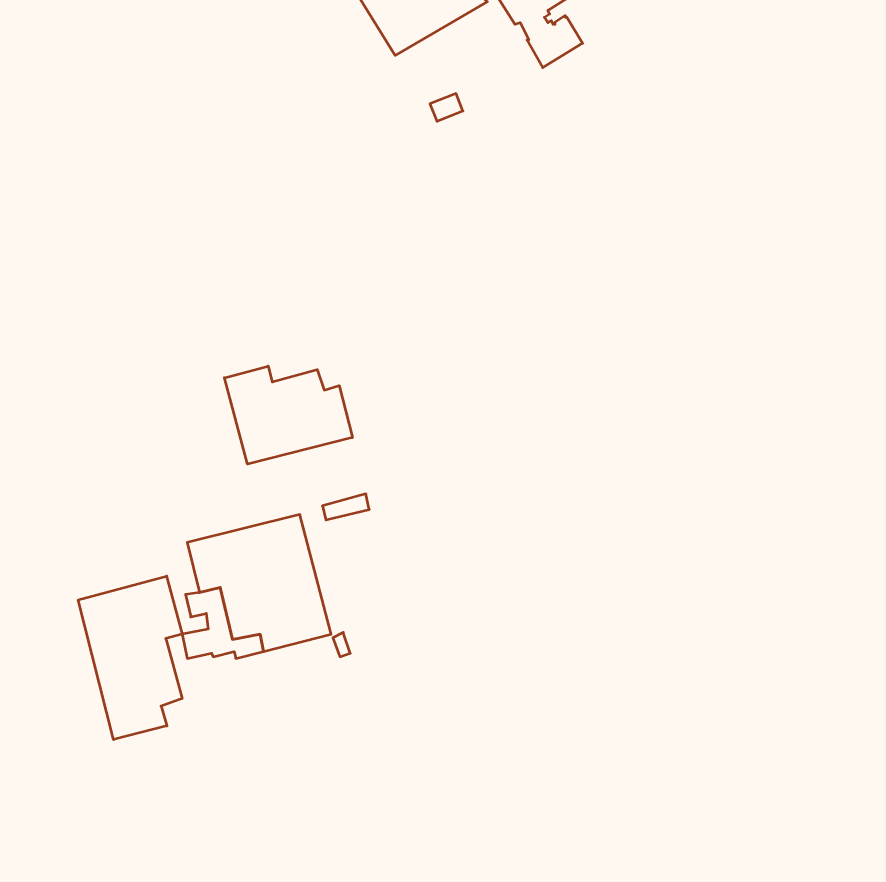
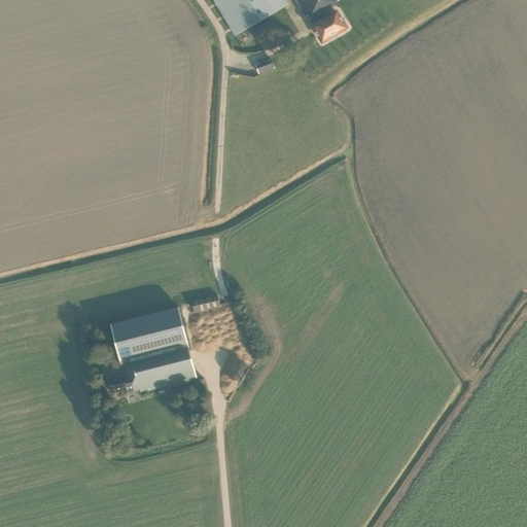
building: [224,366,352,464] -> none
building: [78,576,182,740] -> none

